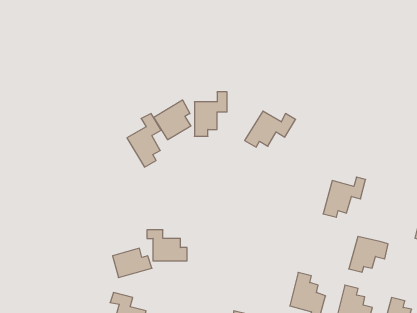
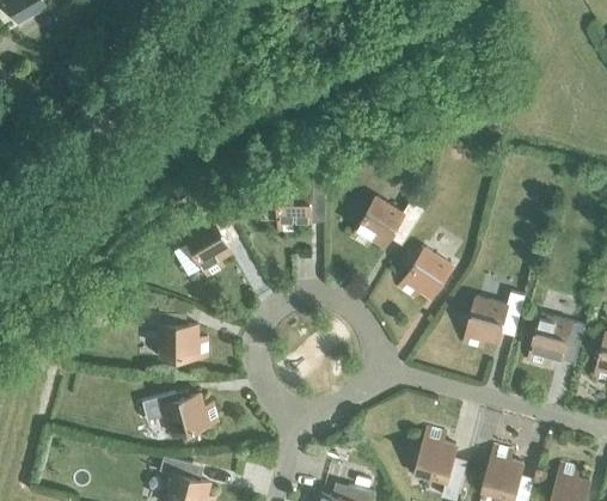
building: [154,100,191,140] -> none
building: none -> [398,248,452,299]
building: [147,230,187,261] -> [149,313,207,358]
building: [349,236,388,272] -> [527,314,583,366]

